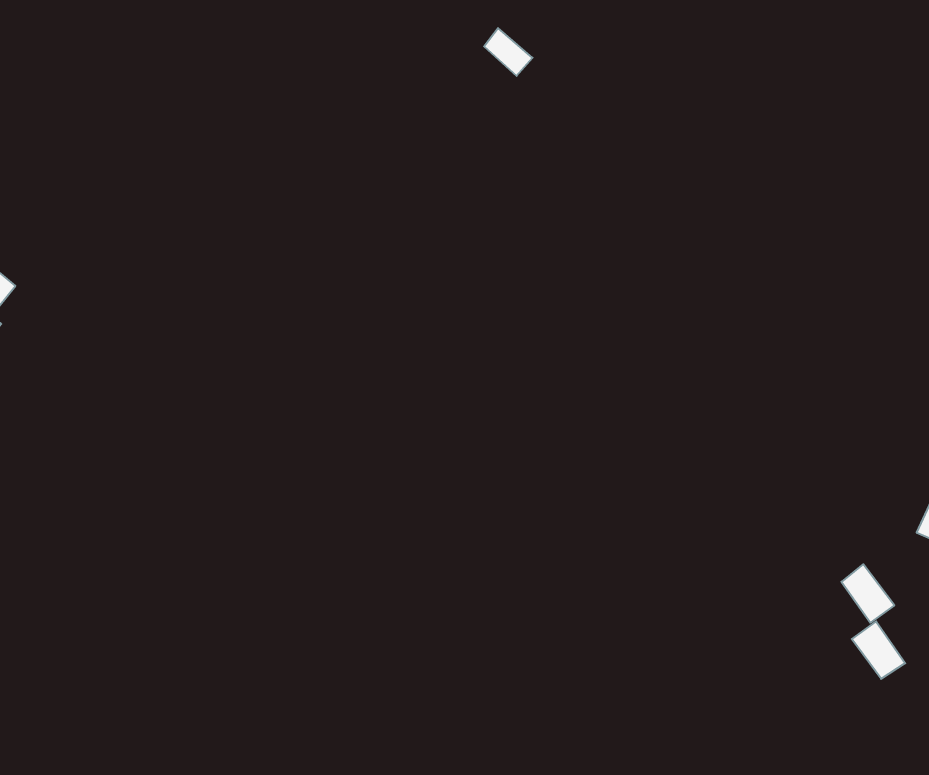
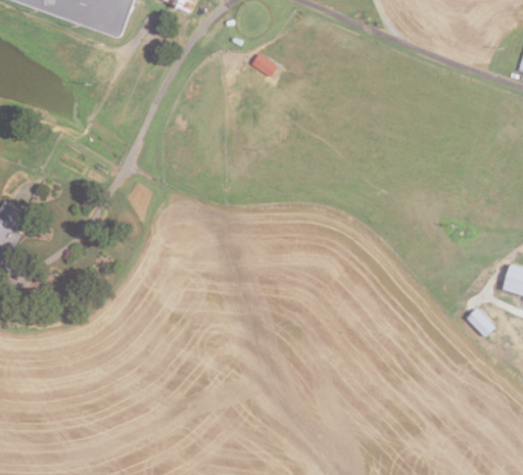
building: [852,621,905,679] -> none

